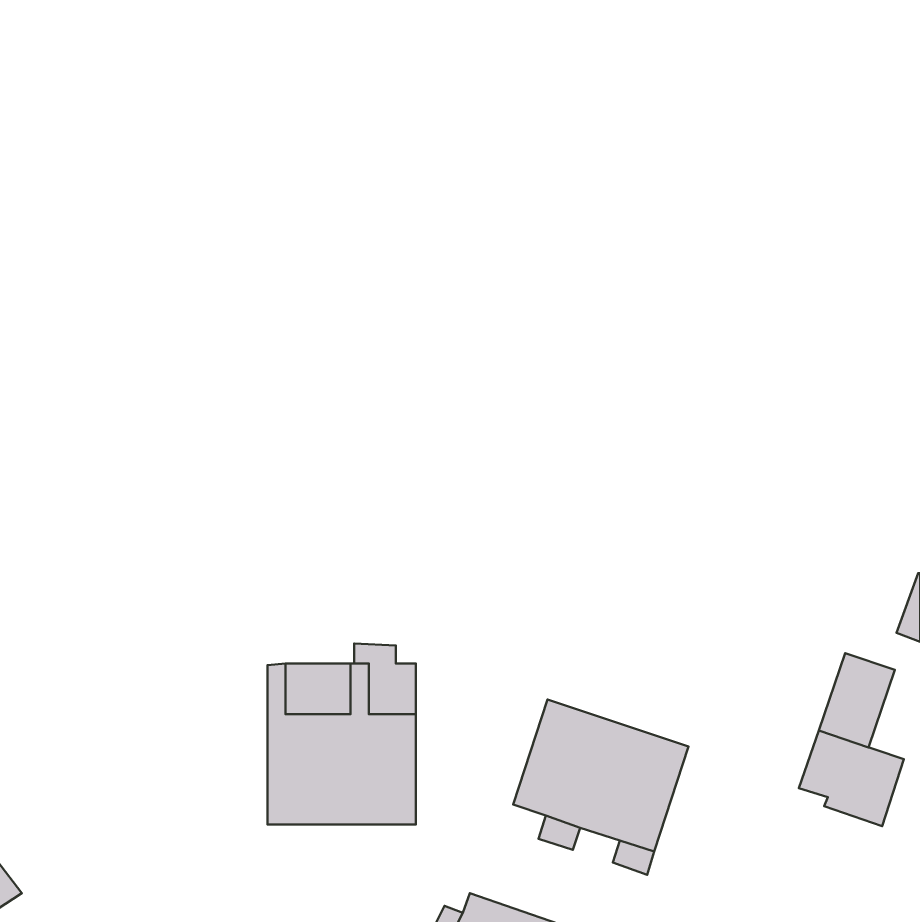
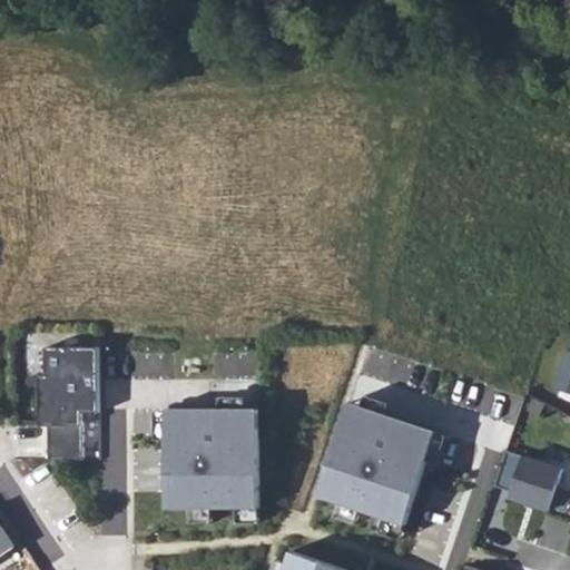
building: none -> [46,347,98,460]
building: none -> [337,395,445,465]
building: [819,653,895,747] -> none

